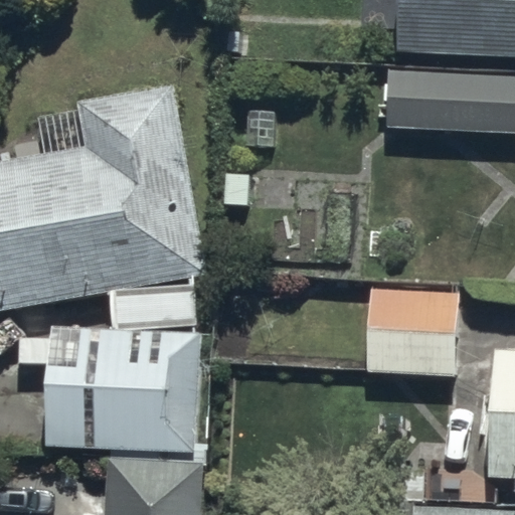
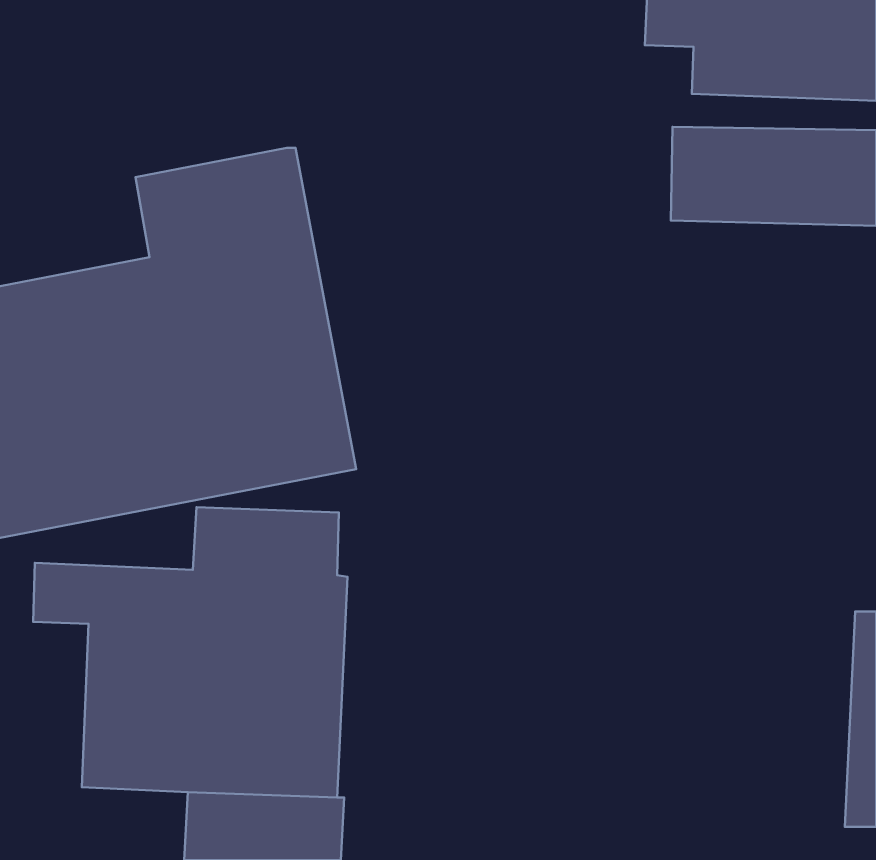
building: [369,279,459,375] -> none

